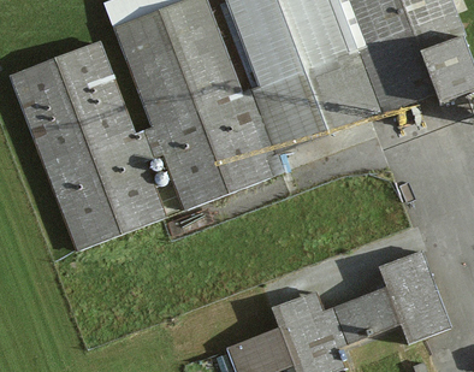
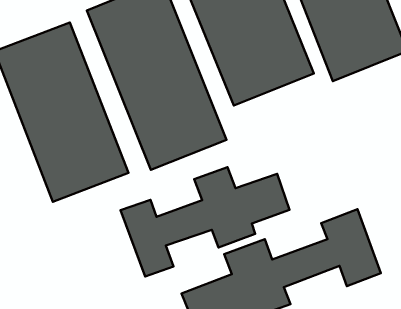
building: none -> [120,167,290,276]

